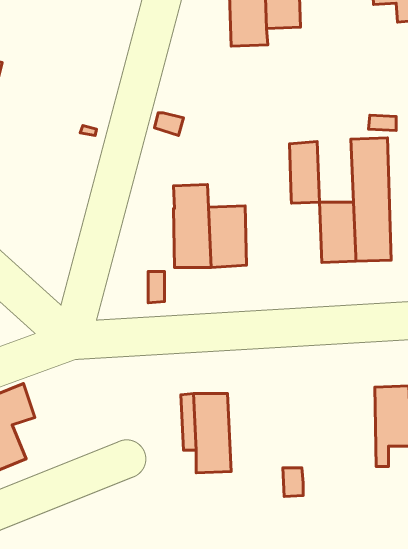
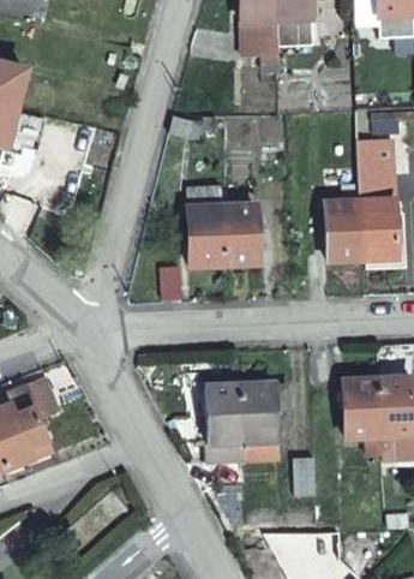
building: [290,142,319,203] -> none
building: none -> [344,378,382,454]
building: none -> [240,383,287,459]

